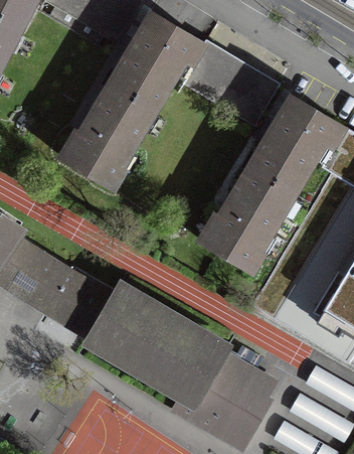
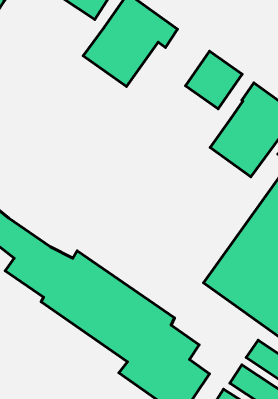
building: [184,45,241,104] -> none
building: [64,82,158,187] -> none
building: [200,166,296,273] -> none

